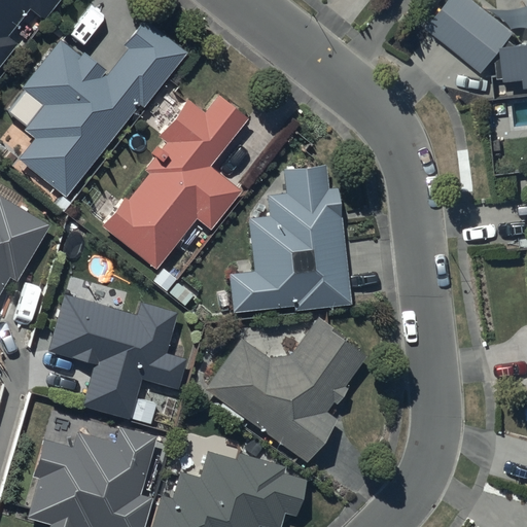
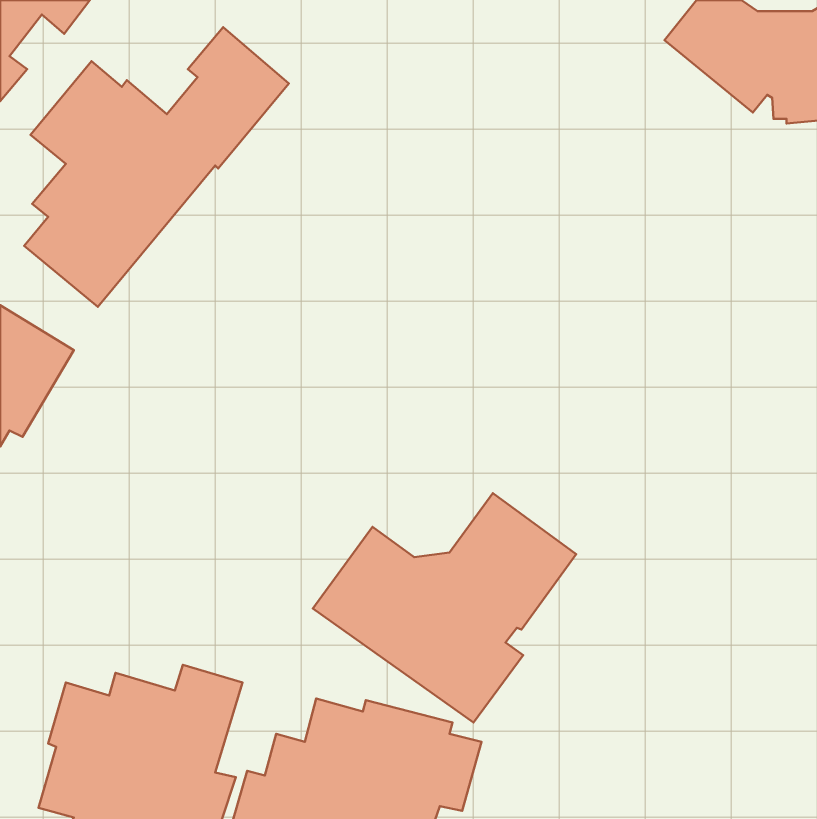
building: [103,95,248,268] -> none
building: [232,165,352,312] -> none
building: [46,295,186,425] -> none

